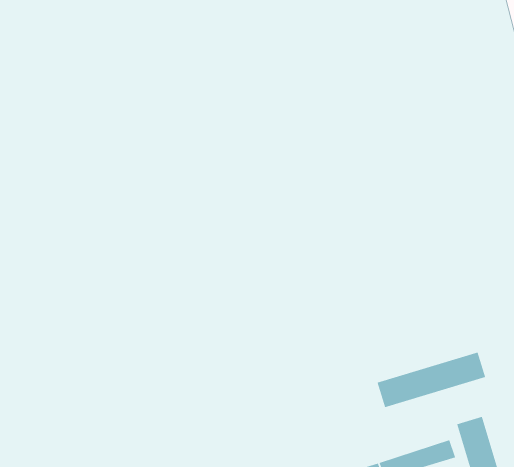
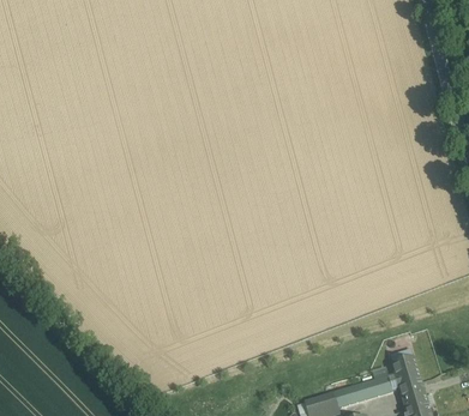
building: [377,352,486,408] -> none

